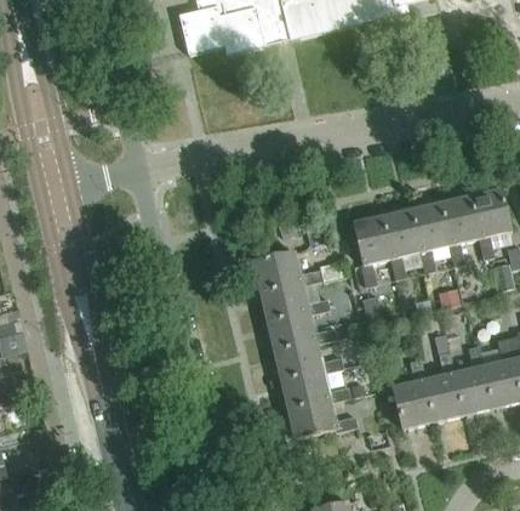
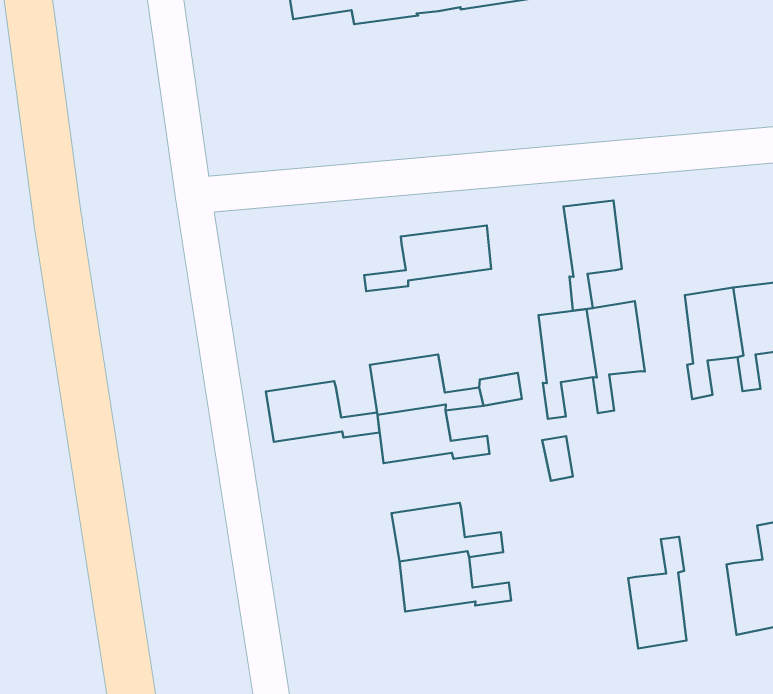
building: none -> [364,226,491,291]
building: [411,203,450,272] -> [563,201,622,310]
building: [265,311,337,351] -> [266,381,380,442]
building: [451,345,490,414] -> none
building: [392,357,430,427] -> none
building: [286,401,358,439] -> none

